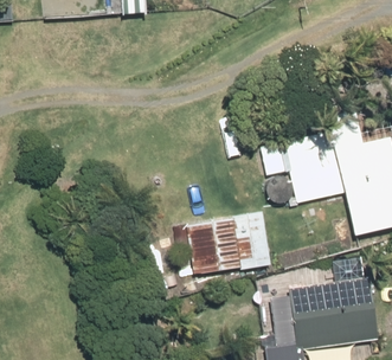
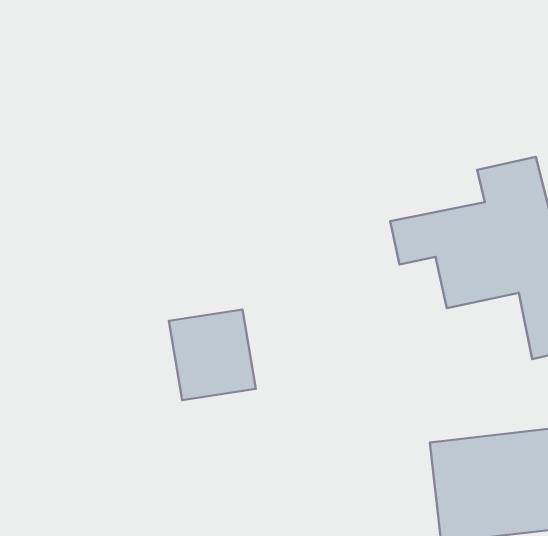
building: [187,218,242,275] -> [169,309,256,400]

